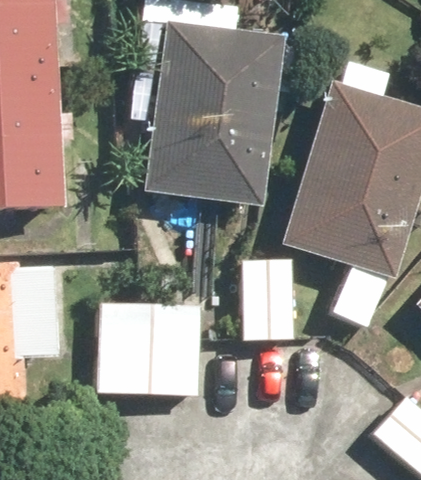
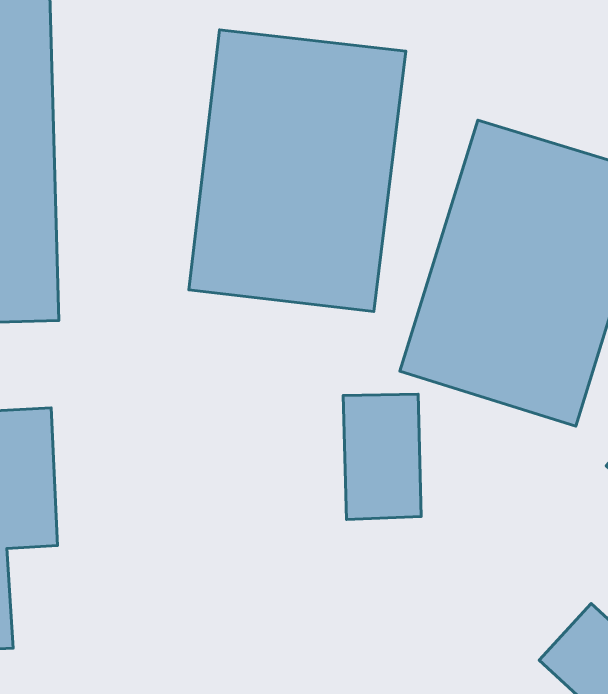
building: [99,304,200,394] -> none

